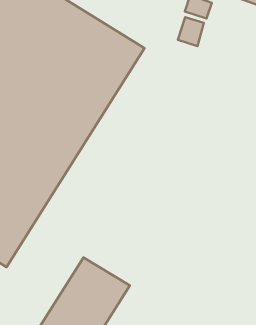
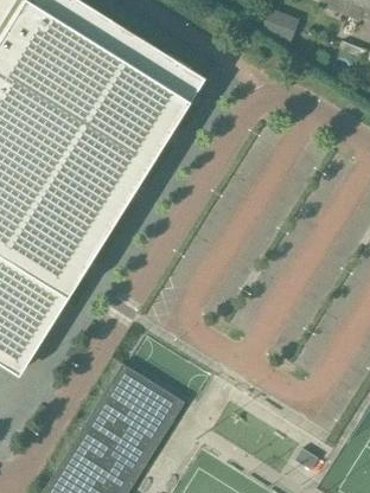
building: [178,17,204,46] -> none

